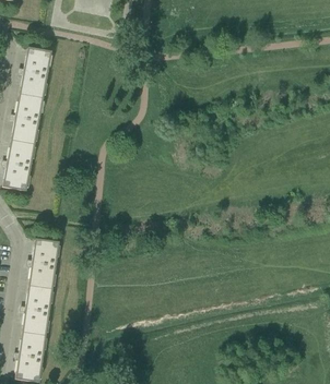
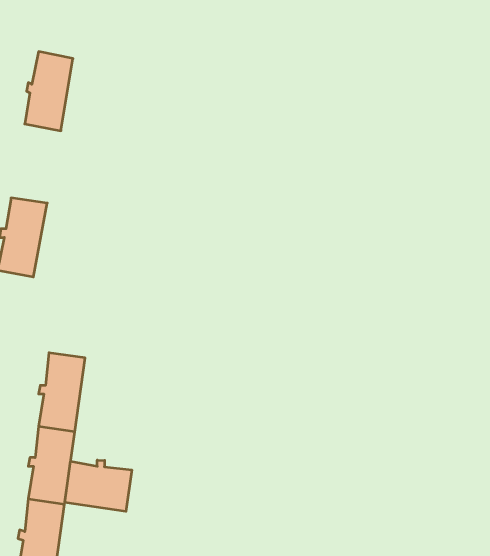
building: [11,93,43,143] -> none
building: none -> [65,460,132,511]

